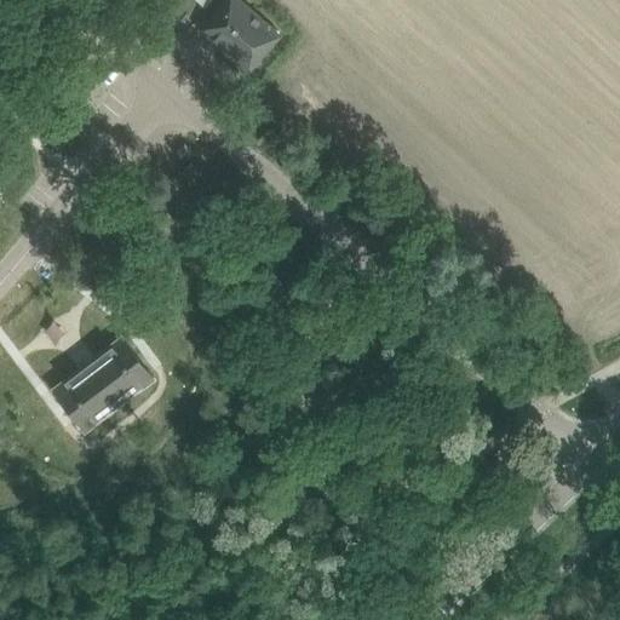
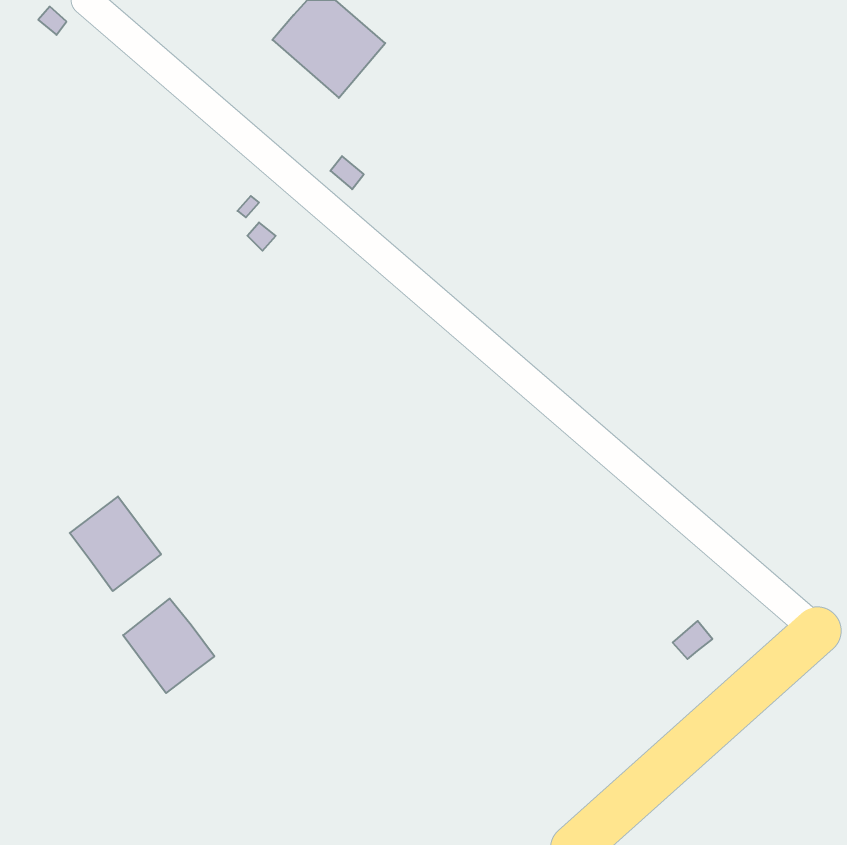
building: [86,338,153,407] -> [123,599,214,693]

